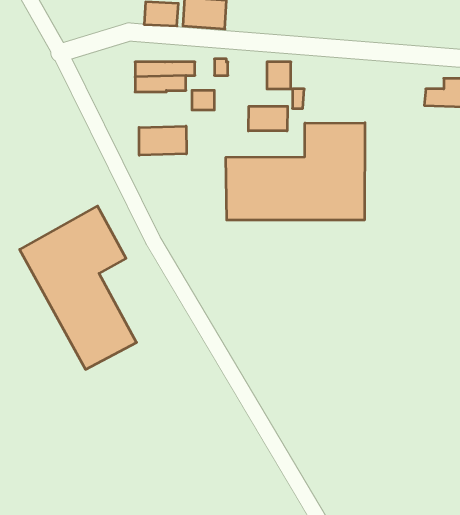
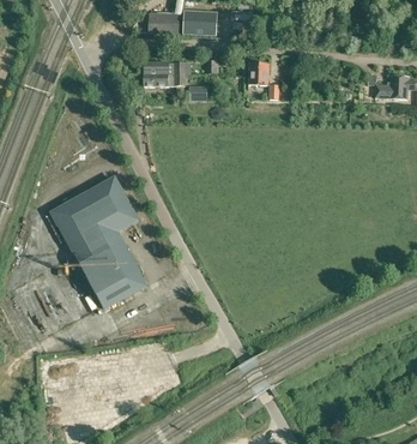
building: [248,106,288,131] -> none
building: [226,123,365,220] -> none
building: [139,126,186,155] -> none

